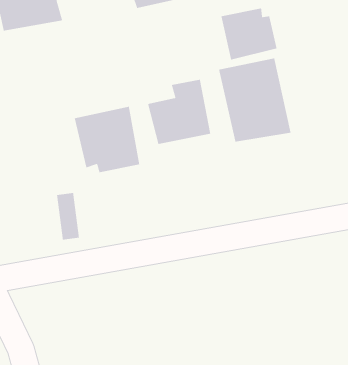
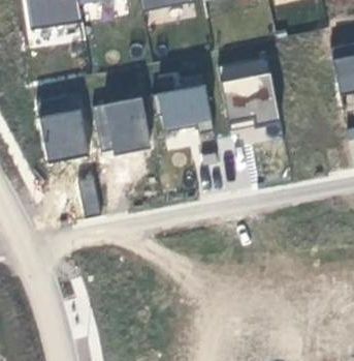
building: [221,8,277,61] -> none
building: none -> [41,109,90,161]

